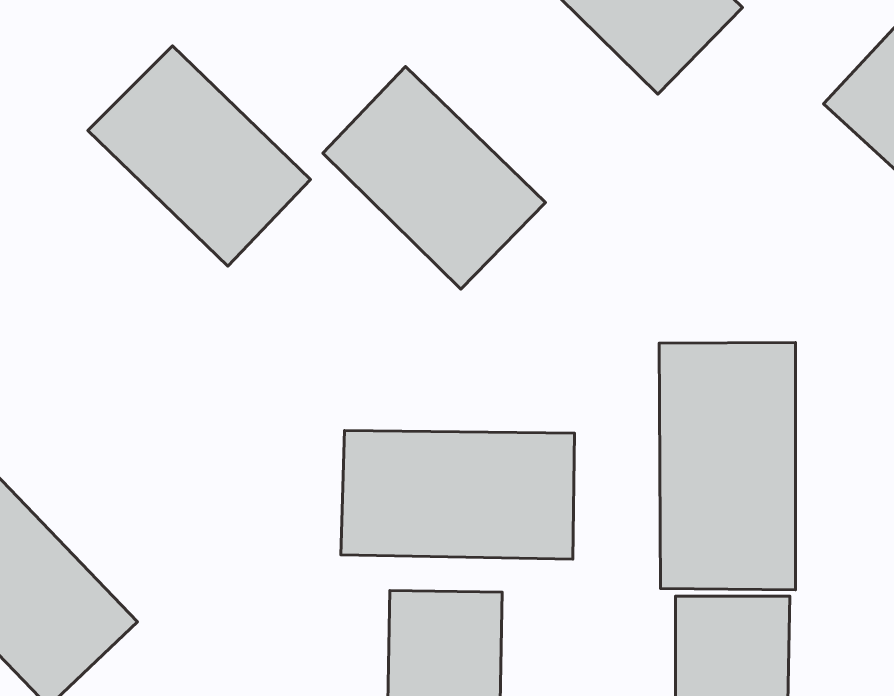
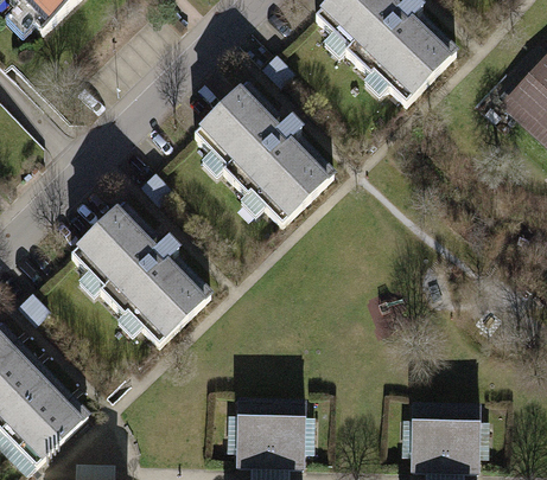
building: [88,46,311,266] -> [74,207,208,340]
building: [659,343,795,590] -> none
building: [341,431,575,559] -> none

